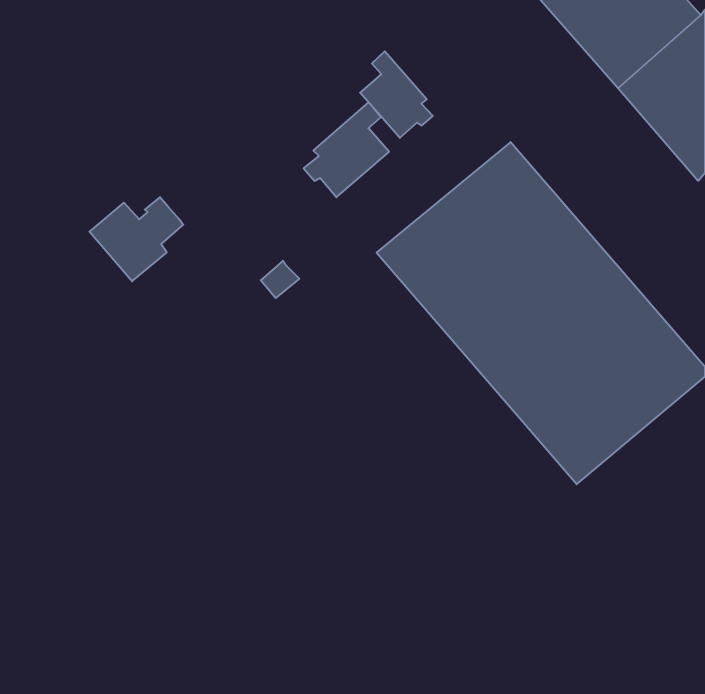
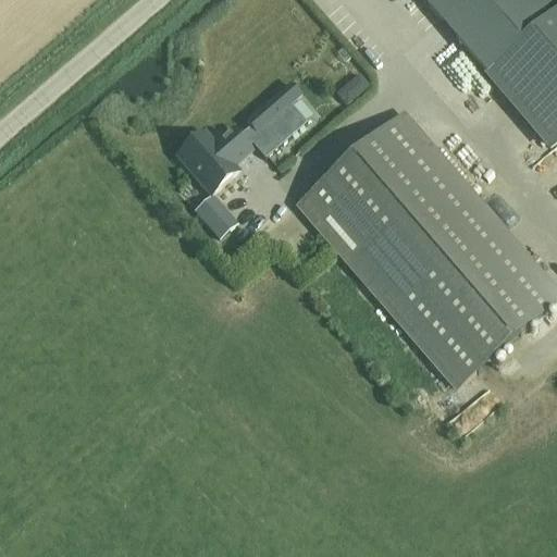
building: [360,51,433,138] -> none
building: [89,197,183,281] -> [177,125,251,191]

